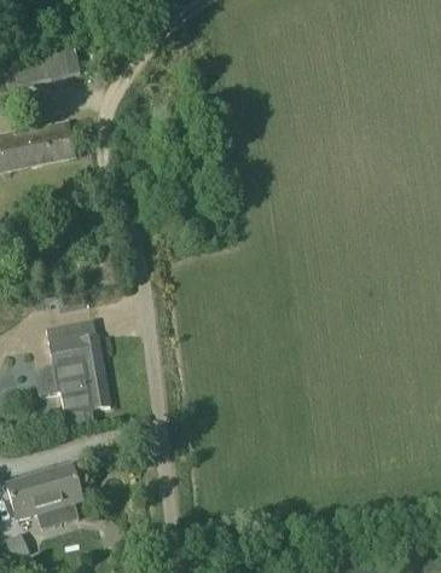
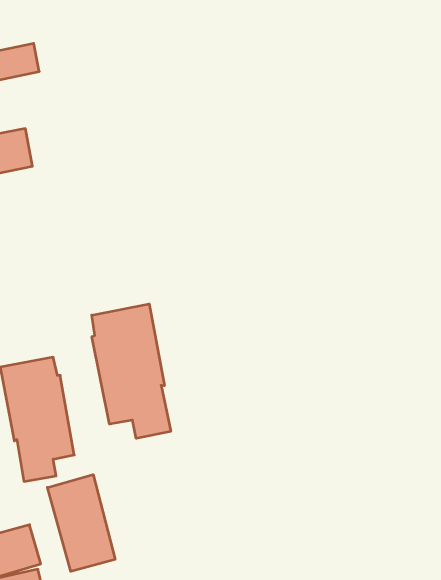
building: none -> [92,304,171,438]
building: none -> [47,475,115,571]

